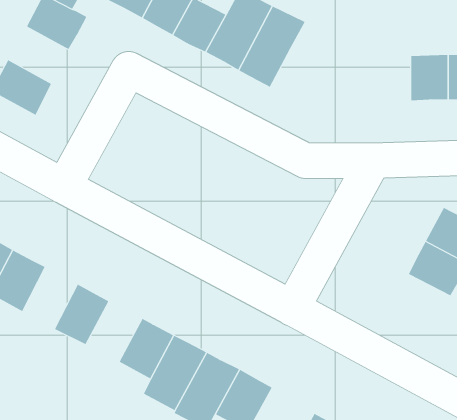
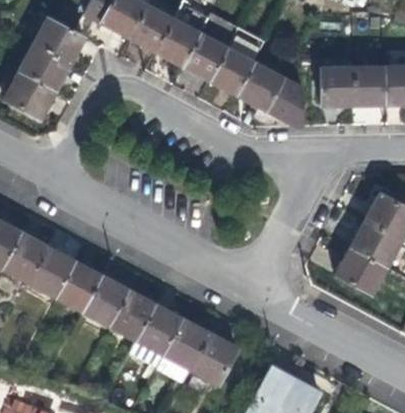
building: none -> [16,45,67,92]
building: none -> [234,63,299,126]
building: none -> [319,69,351,107]
building: none -> [28,245,74,296]
building: none -> [334,251,385,296]
building: none -> [81,273,128,324]

